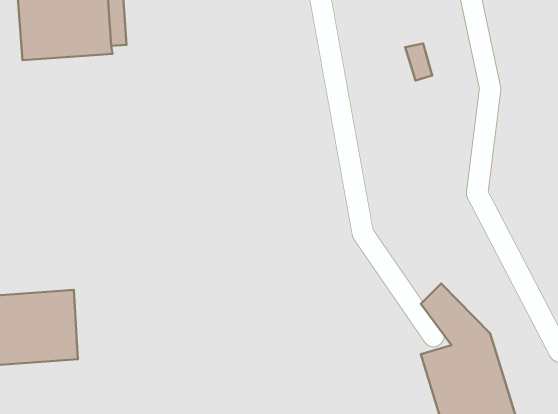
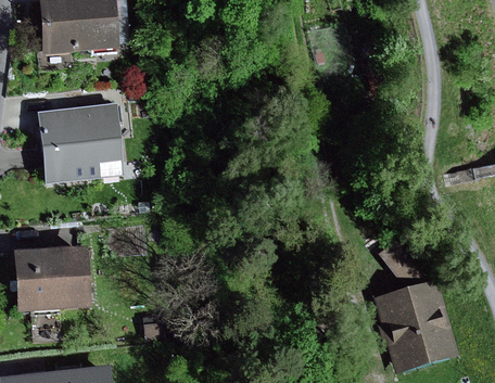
building: none -> [36,101,125,181]

